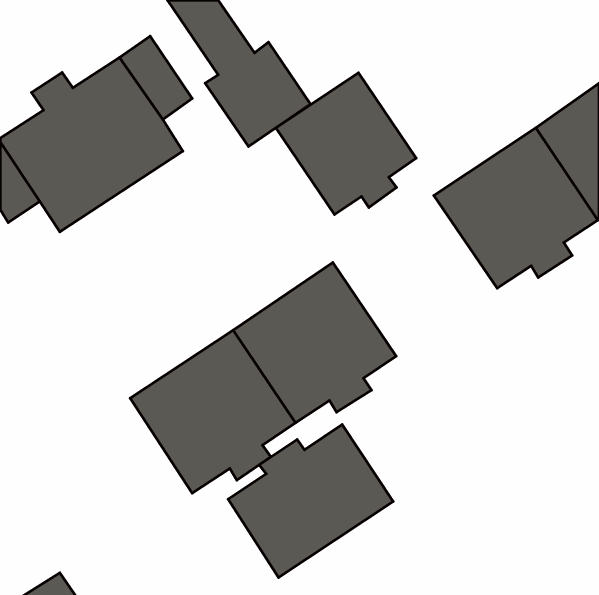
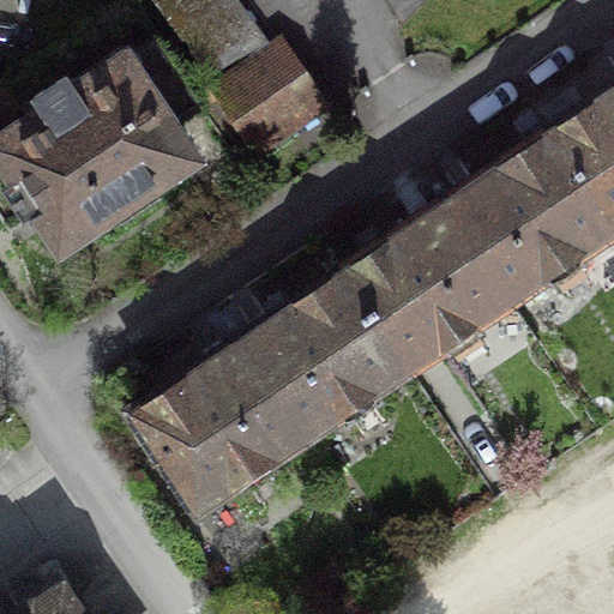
building: [276,73,416,215] -> none
building: none -> [341,204,508,368]
building: [228,424,393,577] -> none

